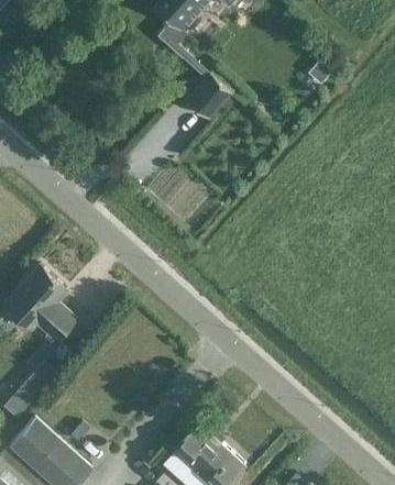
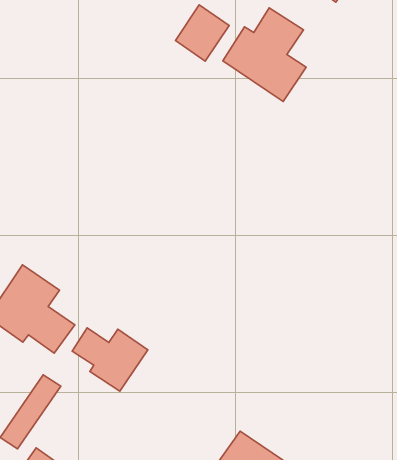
building: none -> [223,8,306,101]
building: none -> [72,328,148,391]

